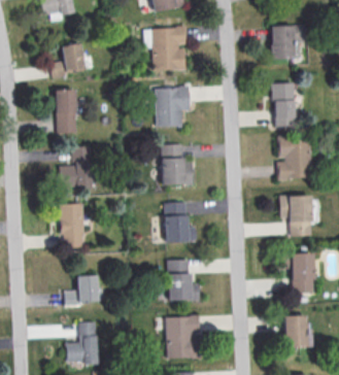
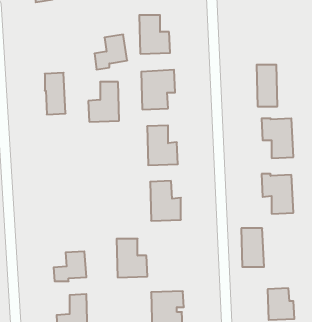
building: [271,25,307,58] -> none
building: [52,42,86,78] -> [94,35,127,69]
building: [59,147,91,189] -> [88,82,119,122]
building: [60,203,86,247] -> none
building: [293,252,316,293] -> [241,228,264,267]
building: [167,262,199,302] -> [117,239,147,277]

